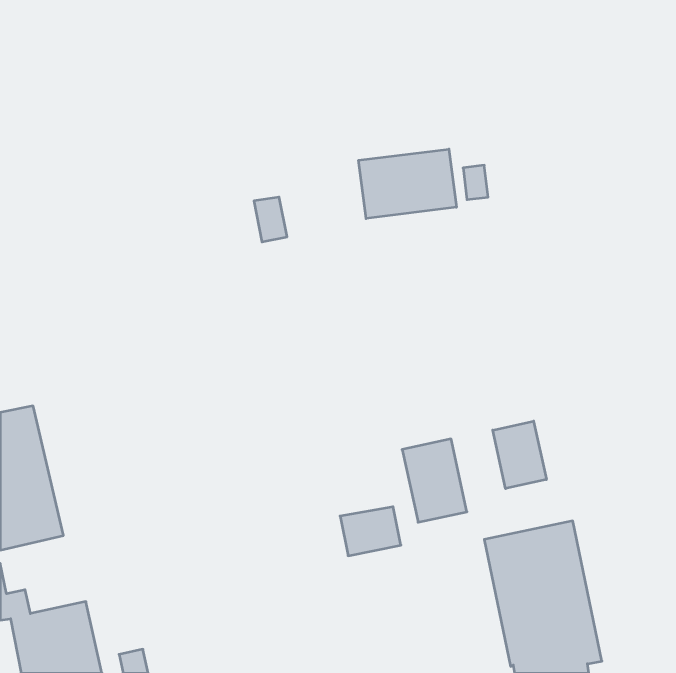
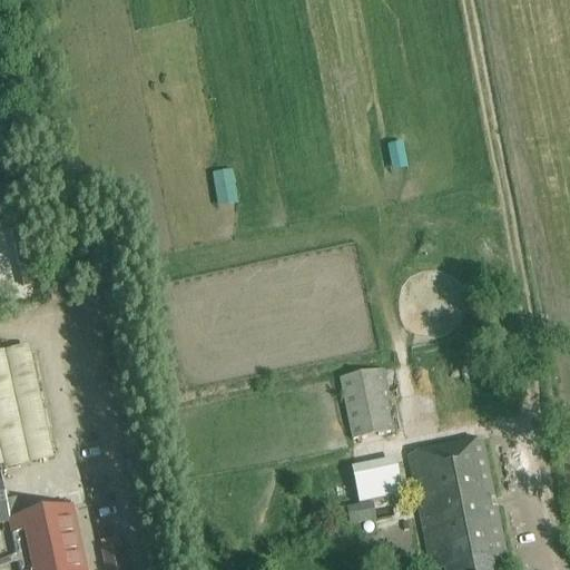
building: [359,149,456,219] -> none
building: [493,421,546,489] -> none
building: [340,507,401,556] -> [351,463,402,504]

